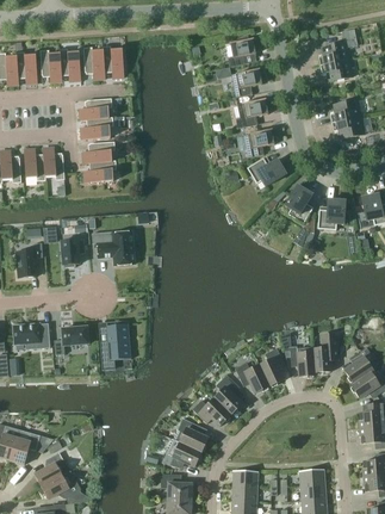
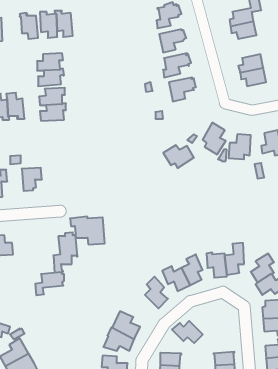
building: [39,49,62,81] -> none
building: [247,157,285,186] -> [163,145,194,168]
building: [91,230,133,265] -> [70,217,105,244]
building: [54,326,89,354] -> [35,272,64,295]
building: [192,397,230,425] -> [172,321,203,343]

